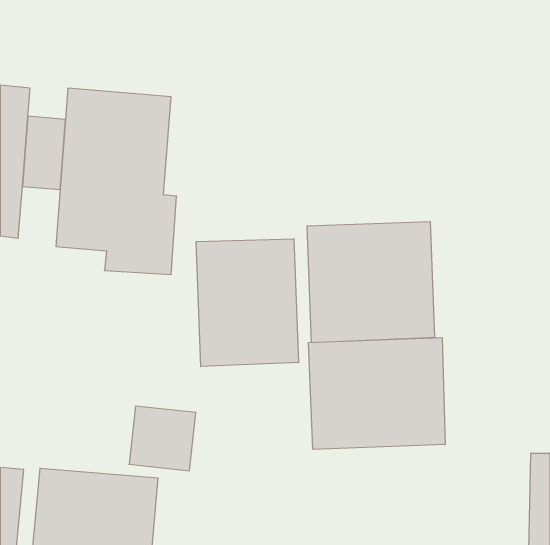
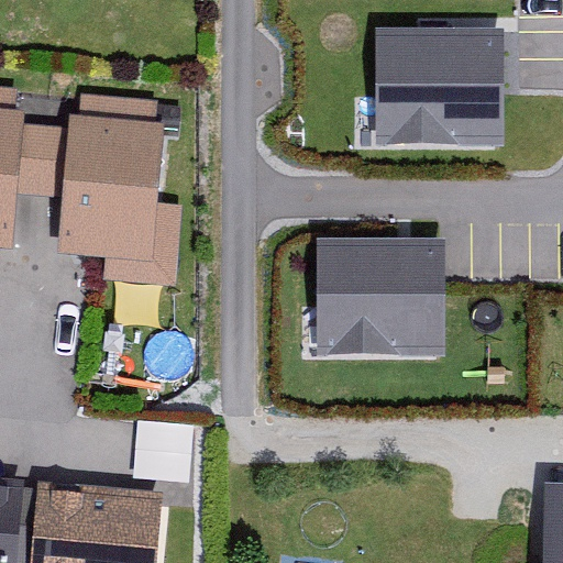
building: none -> [376,27,503,141]
building: [196,239,299,367] -> none
building: [309,338,445,449] -> none

